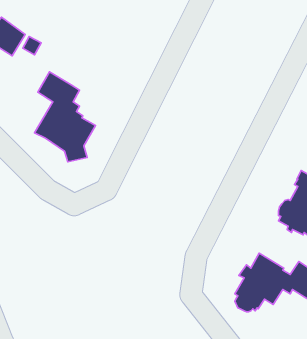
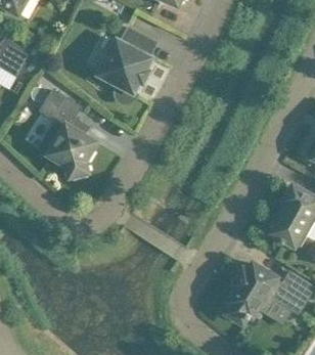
building: none -> [98,28,154,103]

